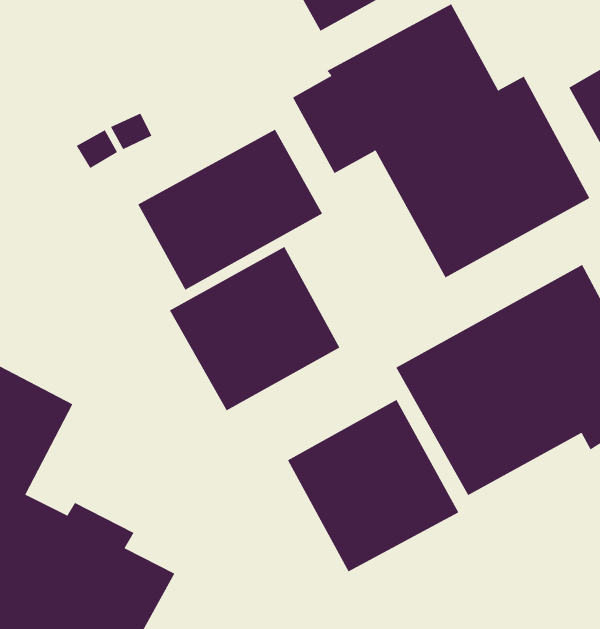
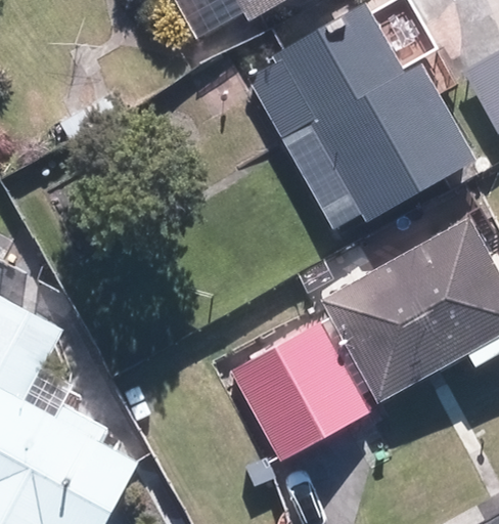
building: [137,129,323,291] -> none
building: [169,246,340,411] -> none

